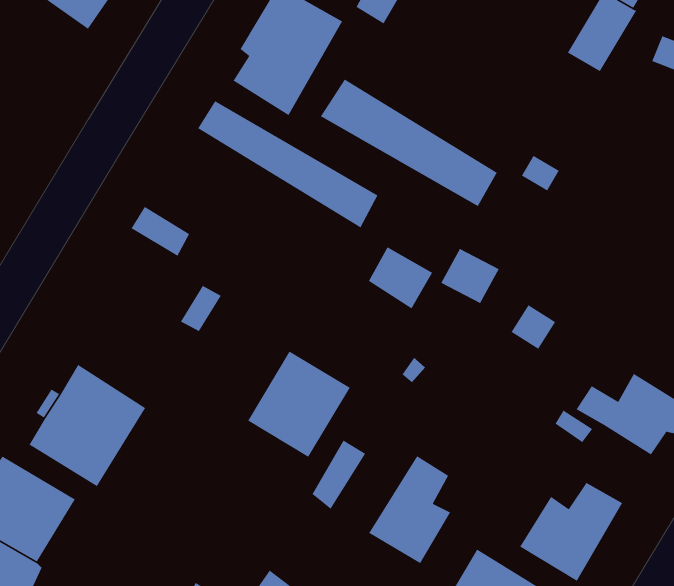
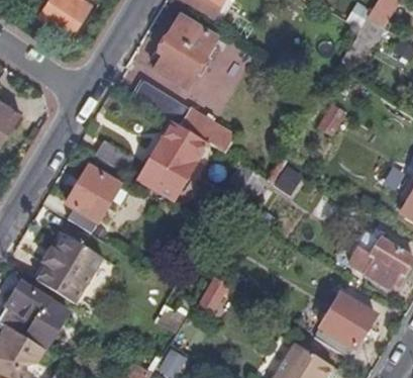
building: [320,78,498,207] -> none
building: none -> [66,164,119,232]
building: [247,351,351,458] -> [139,137,199,199]
building: [368,455,451,564] -> none

